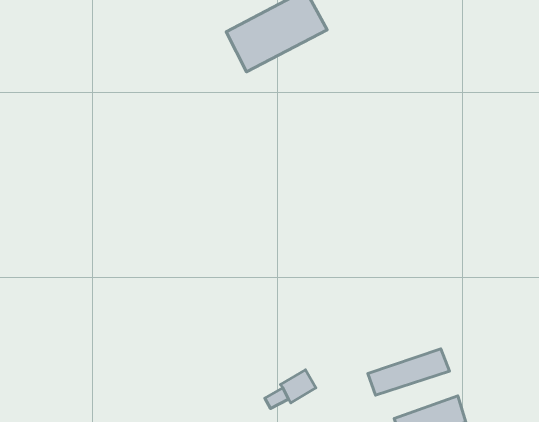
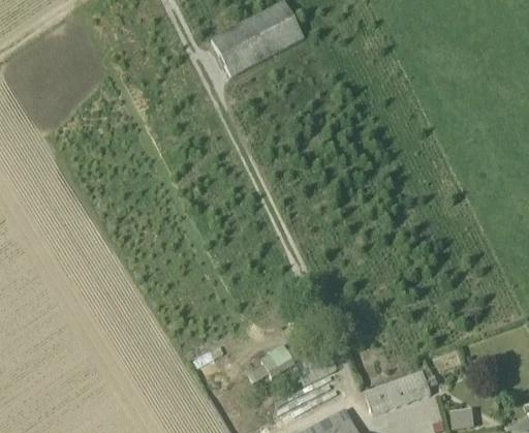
building: [368,349,449,395] -> none

